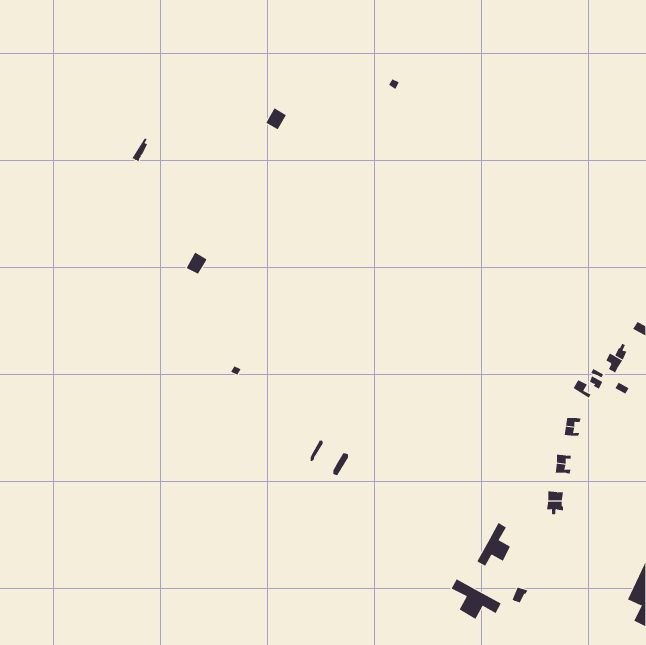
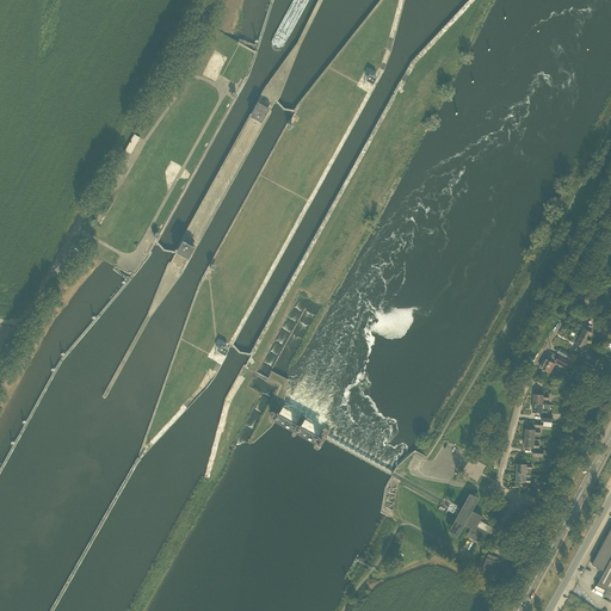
building: [451,578,501,620] -> none

